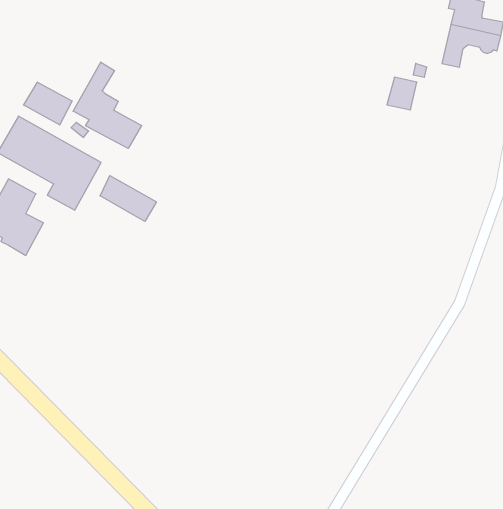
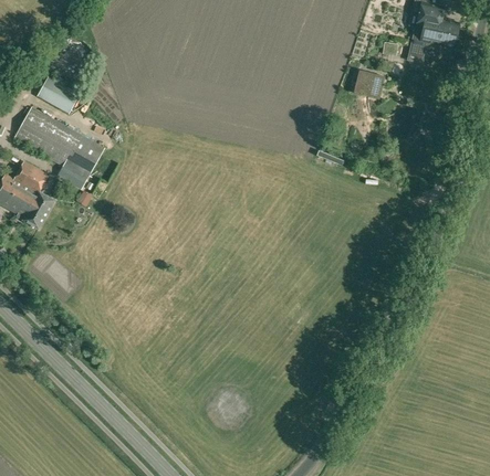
building: [73,62,142,148] -> none
building: [100,176,156,221] -> none

